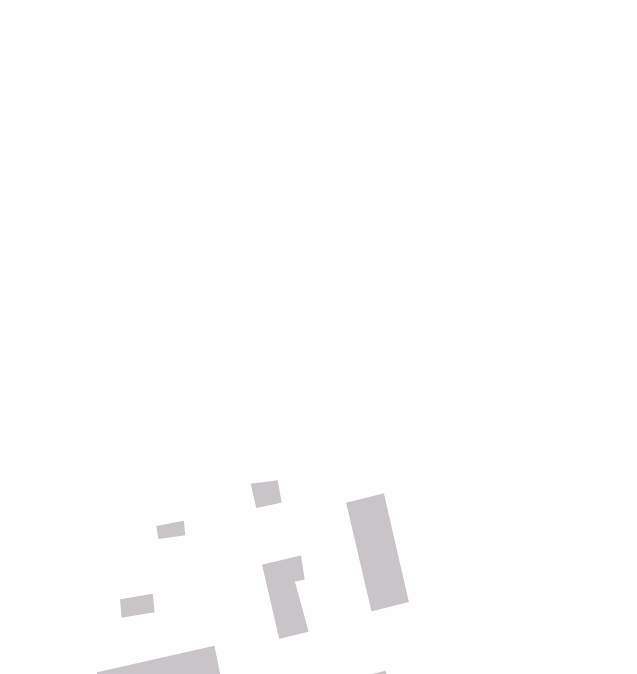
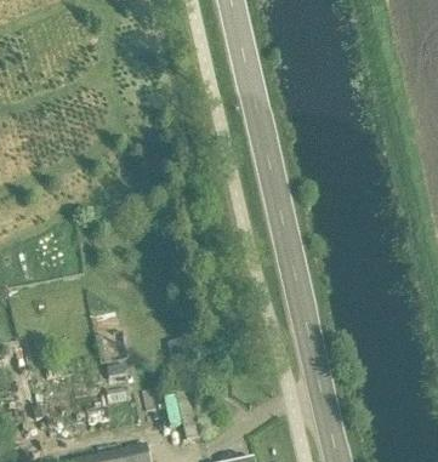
building: [346,492,409,612] -> none

